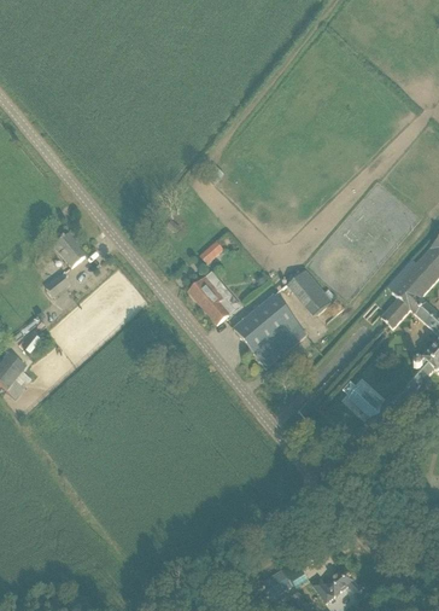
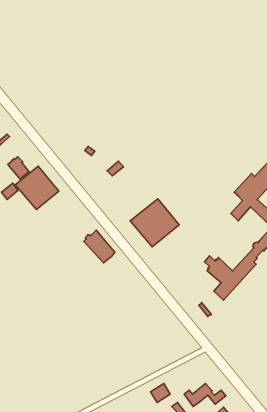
building: none -> [15,166,59,210]
building: [287,269,330,315] -> none
building: [188,274,234,322] -> [84,230,115,263]

